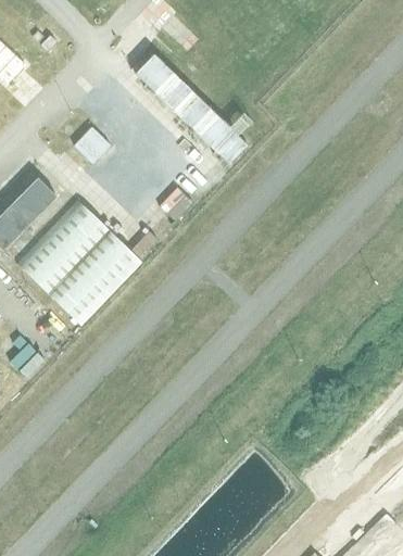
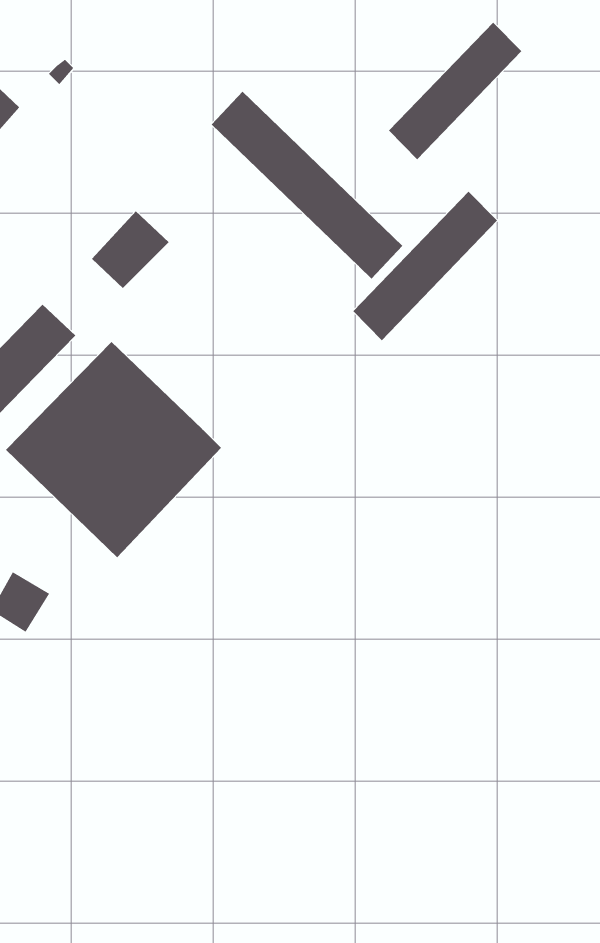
building: none -> [388,22,522,160]
building: none -> [353,191,498,341]

